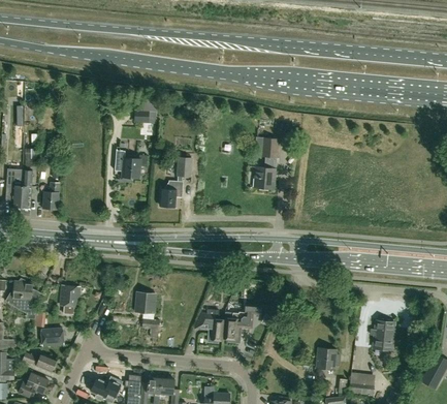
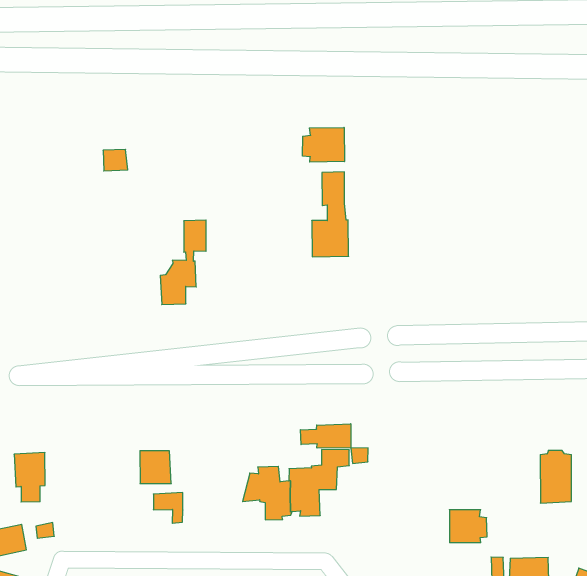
building: none -> [303,127,344,162]
building: [115,150,147,180] -> none
building: none -> [300,424,351,448]

